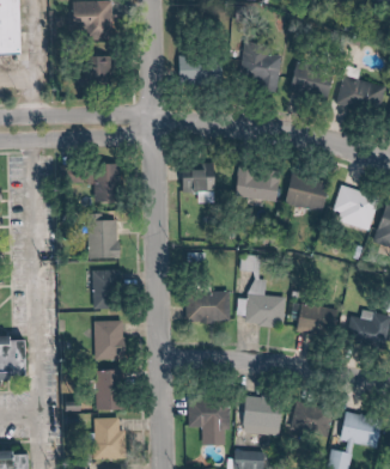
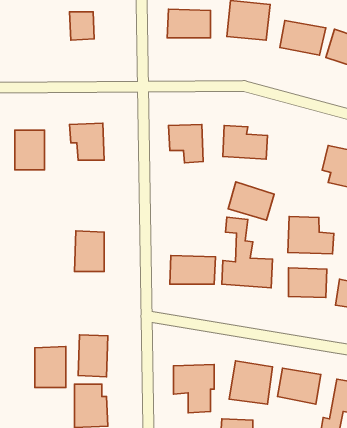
building: [286,176,330,213] -> [228,182,274,220]
building: [91,220,120,258] -> [15,130,45,170]
building: none -> [288,216,334,254]
building: [96,319,126,359] -> [35,347,66,387]

